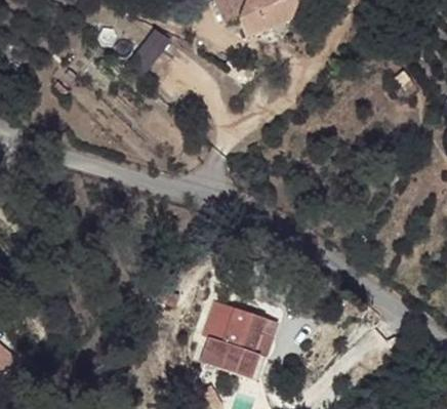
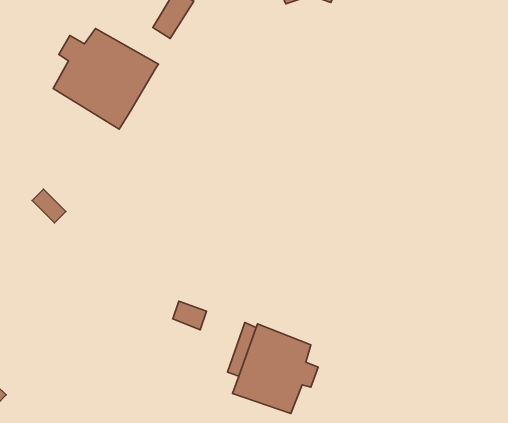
building: none -> [53,29,158,129]

